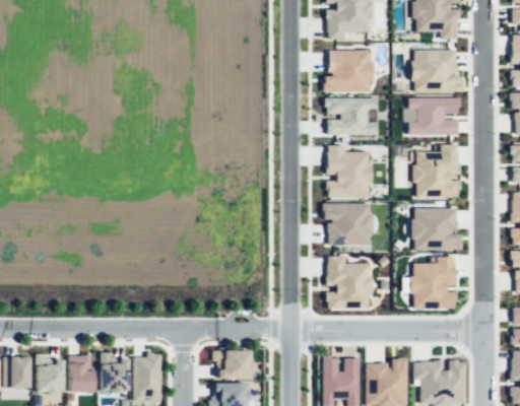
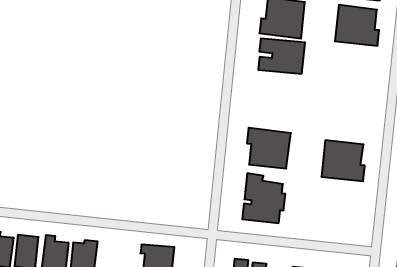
building: [409,96,460,135] -> none
building: [327,144,372,197] -> none
building: [414,144,460,197] -> none
building: [412,256,456,309] -> none

